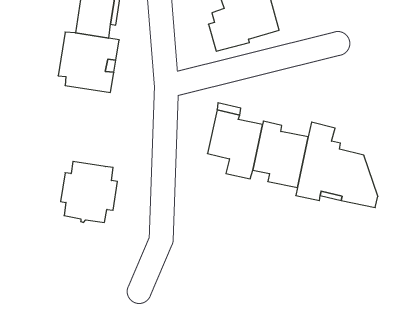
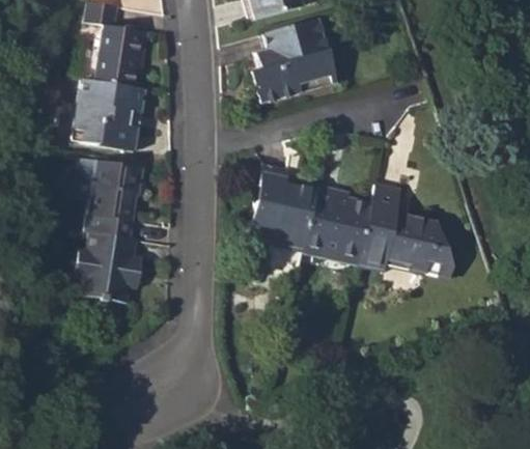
building: none -> [75,157,144,237]

